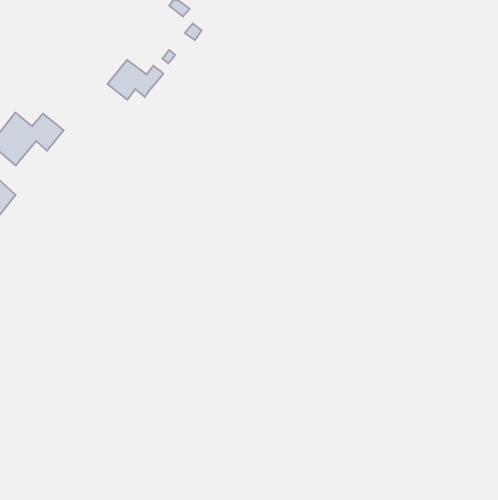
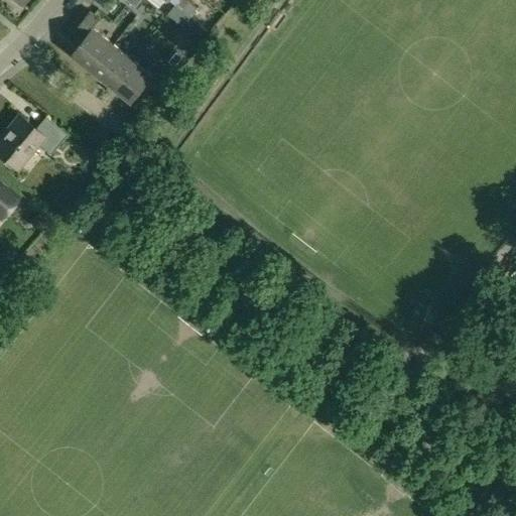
building: none -> [71,12,131,87]

